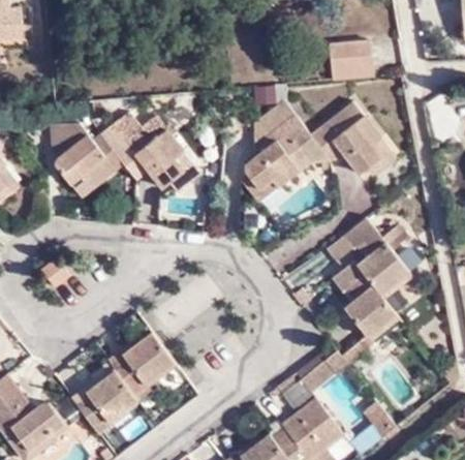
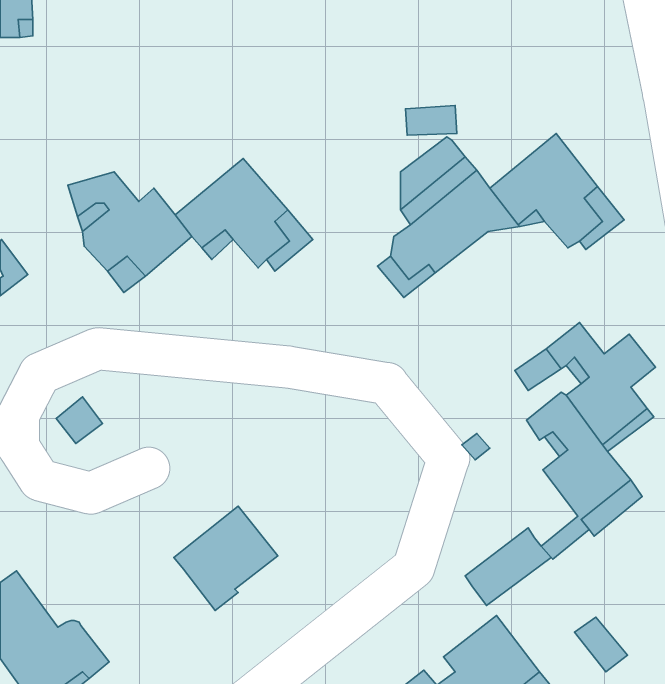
building: [331,49,374,88] -> none
building: [75,371,138,436] -> none

